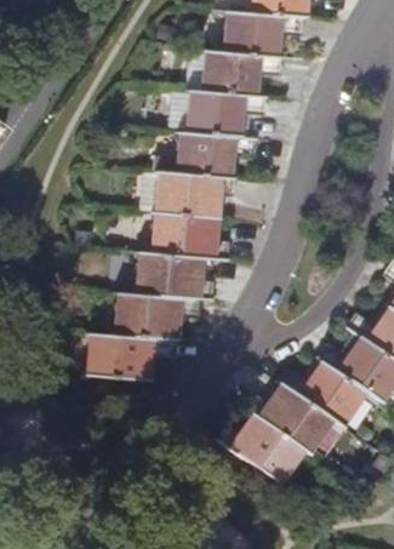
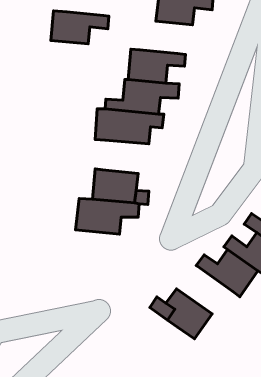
building: [202,52,281,97] -> [51,11,109,44]
building: [152,215,228,262] -> none
building: [88,333,177,382] -> none
building: [245,385,329,452] -> none

